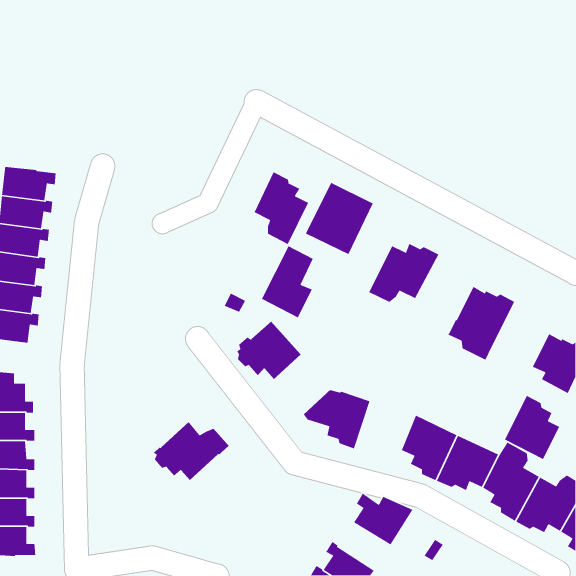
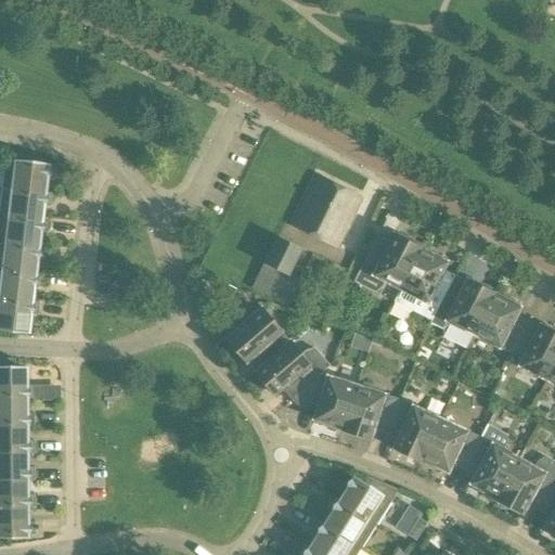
building: [254,171,309,245] -> none
building: none -> [393,244,454,320]
building: [504,395,560,460] -> [473,289,527,352]
building: none -> [340,385,399,437]
building: [153,421,229,481] -> [255,340,328,398]
building: none -> [324,496,375,547]

